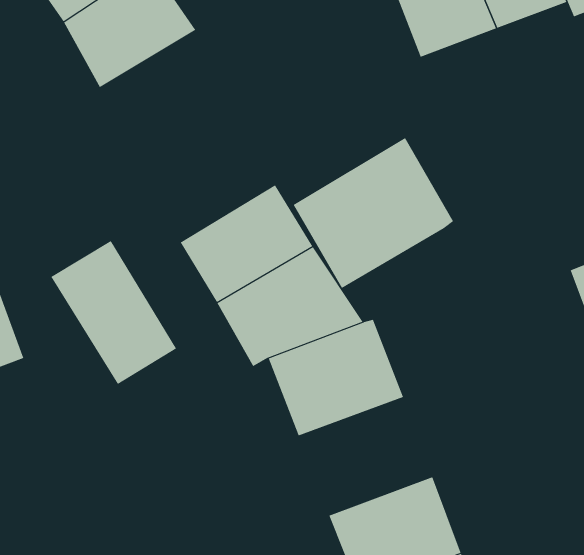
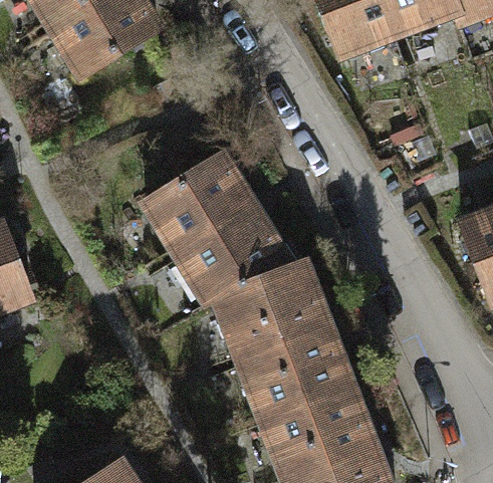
building: [293,137,454,289] -> none
building: [50,240,177,385] -> none
building: none -> [242,325,349,420]

